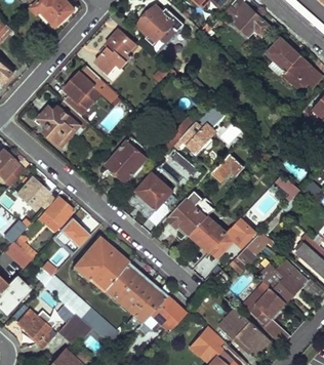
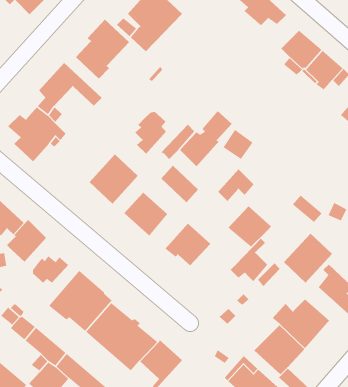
building: none -> [135,111,167,154]
building: none -> [283,233,333,284]
building: [191,216,228,251] -> [227,206,272,248]

